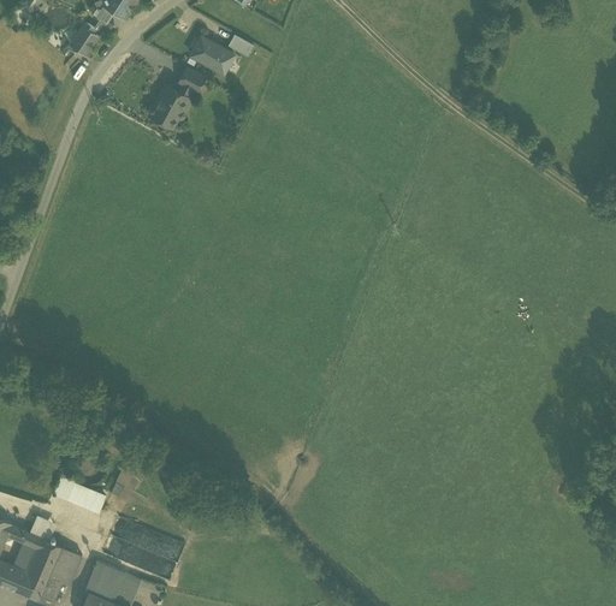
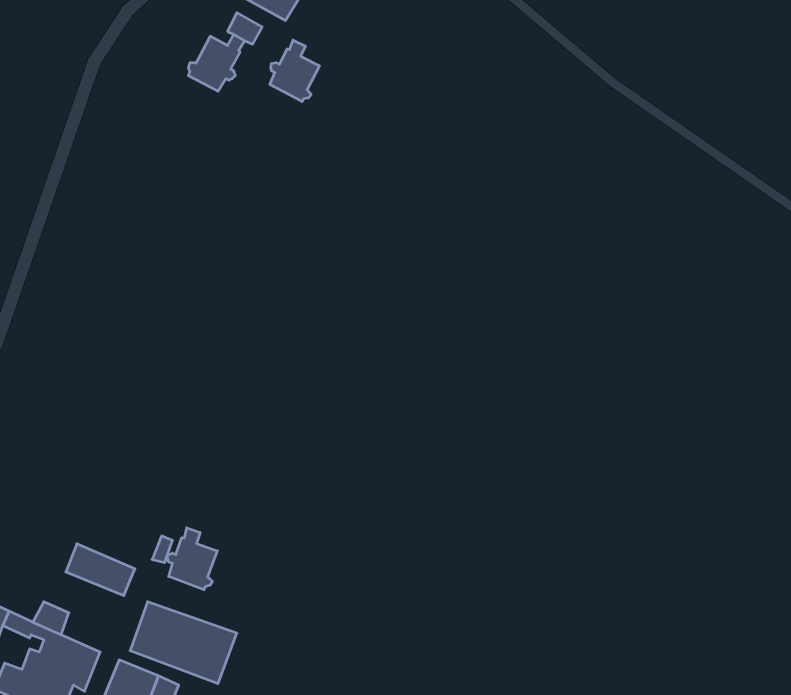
building: none -> [270,40,319,102]
building: none -> [168,528,217,590]

